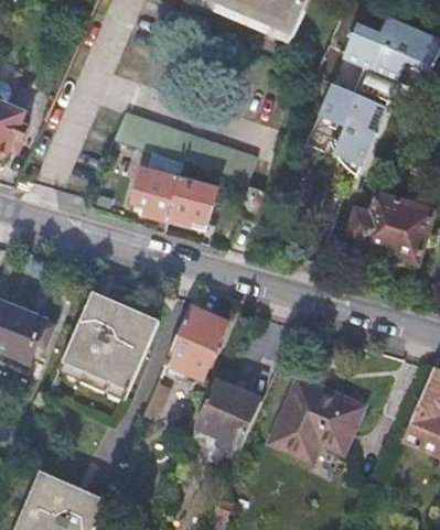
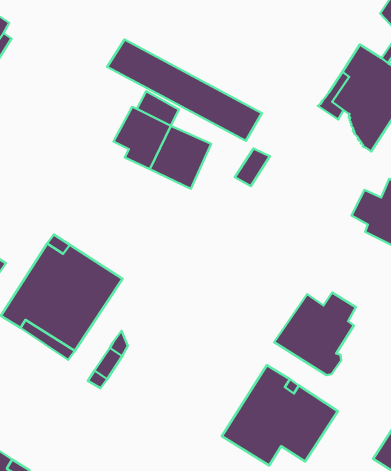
building: none -> [274,292,356,375]
building: [169,307,226,377] -> none
building: [189,379,262,463] -> none

